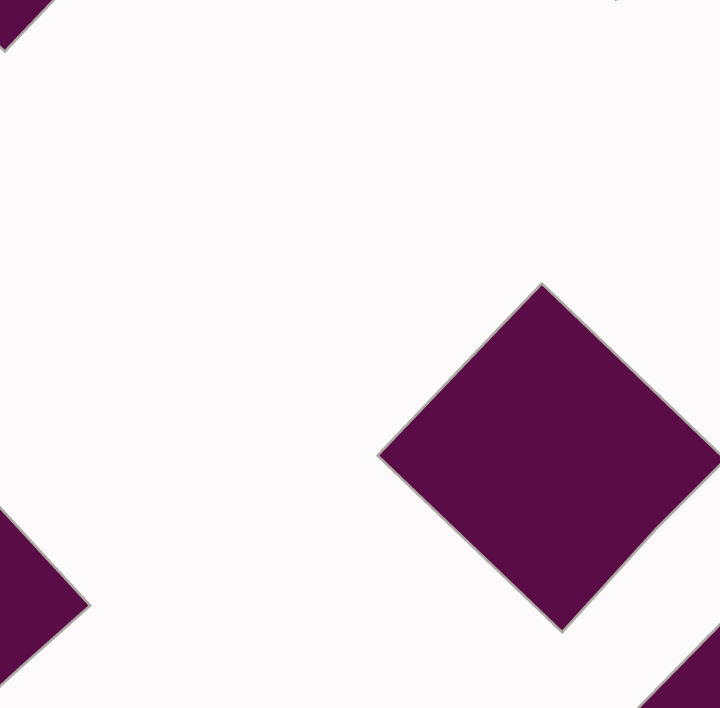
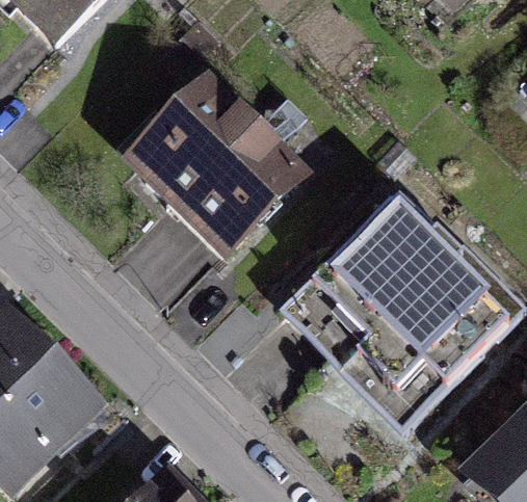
building: none -> [124,75,299,249]

